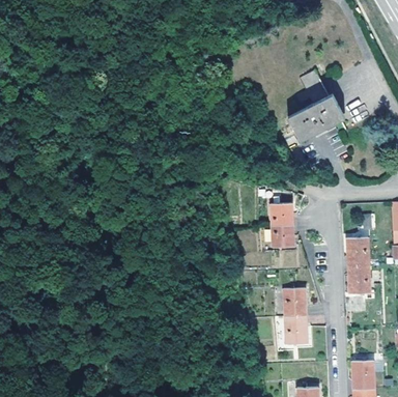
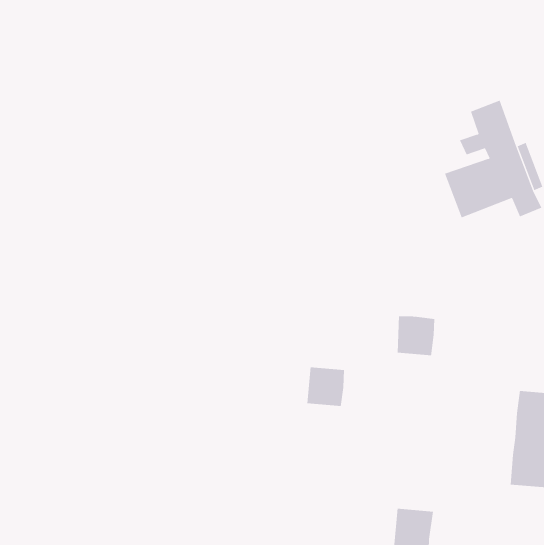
building: [273,225,294,248] -> [307,367,345,407]
building: [284,288,307,317] -> none

